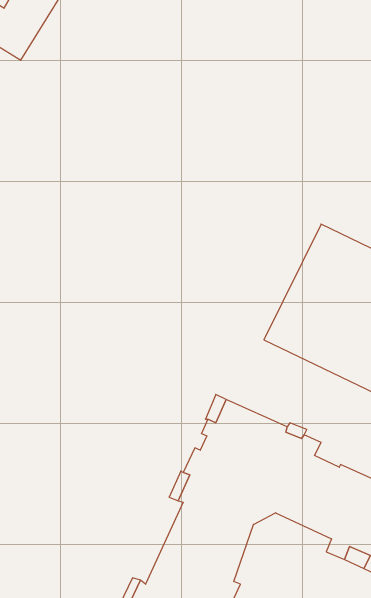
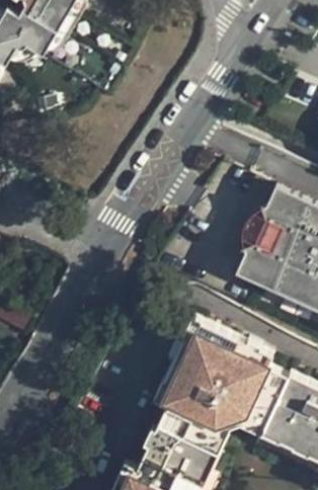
building: none -> [209,409,285,465]

